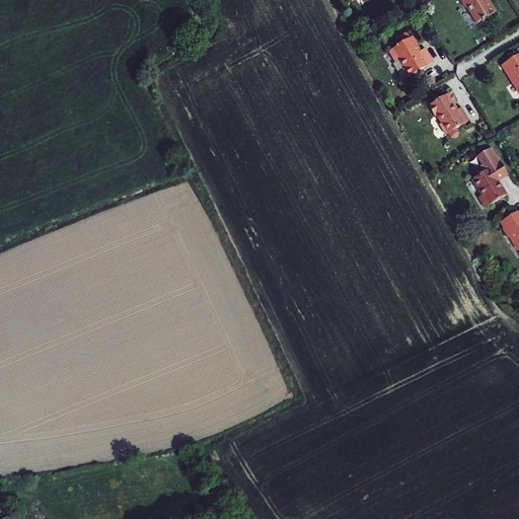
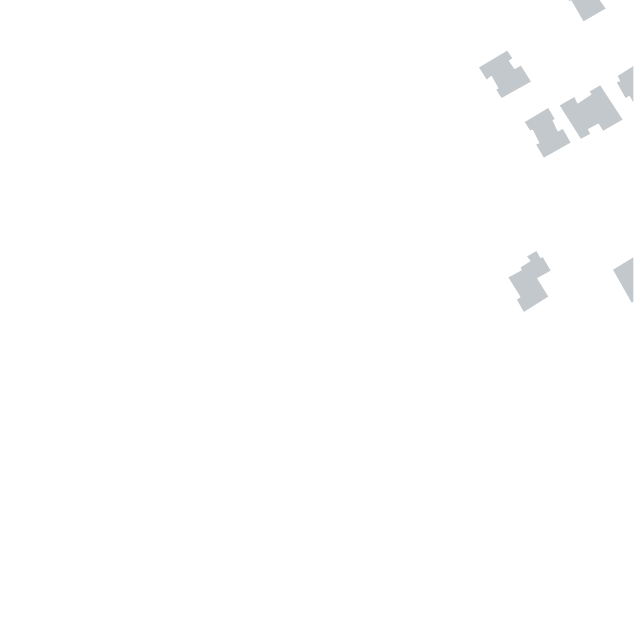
building: none -> [558,84,624,140]
building: [471,156,508,208] -> [507,250,552,313]

